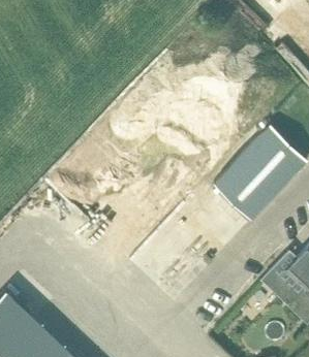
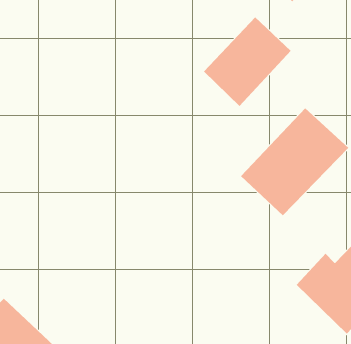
building: none -> [203,17,291,107]

